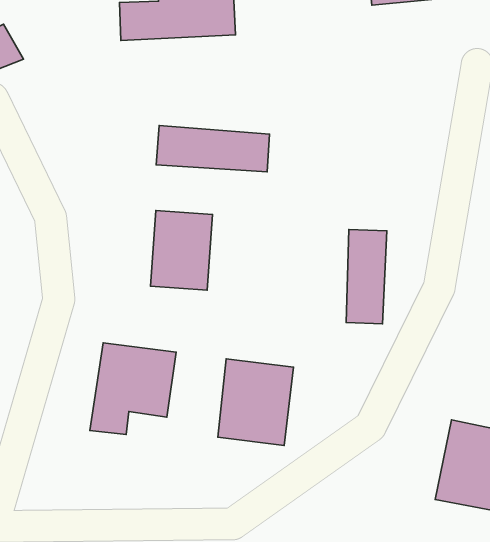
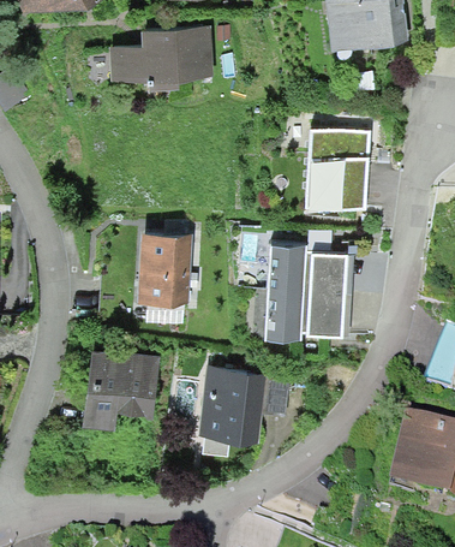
building: none -> [309,126,371,208]
building: [156,126,270,172] -> none
building: none -> [264,240,309,338]

